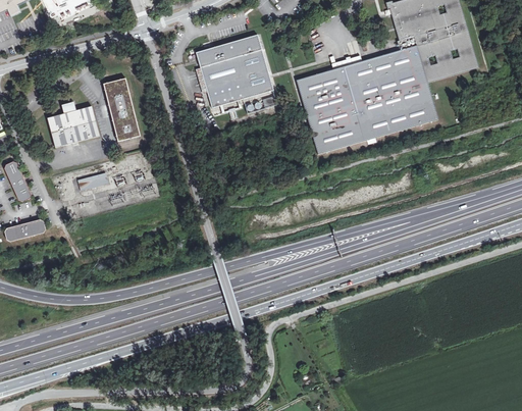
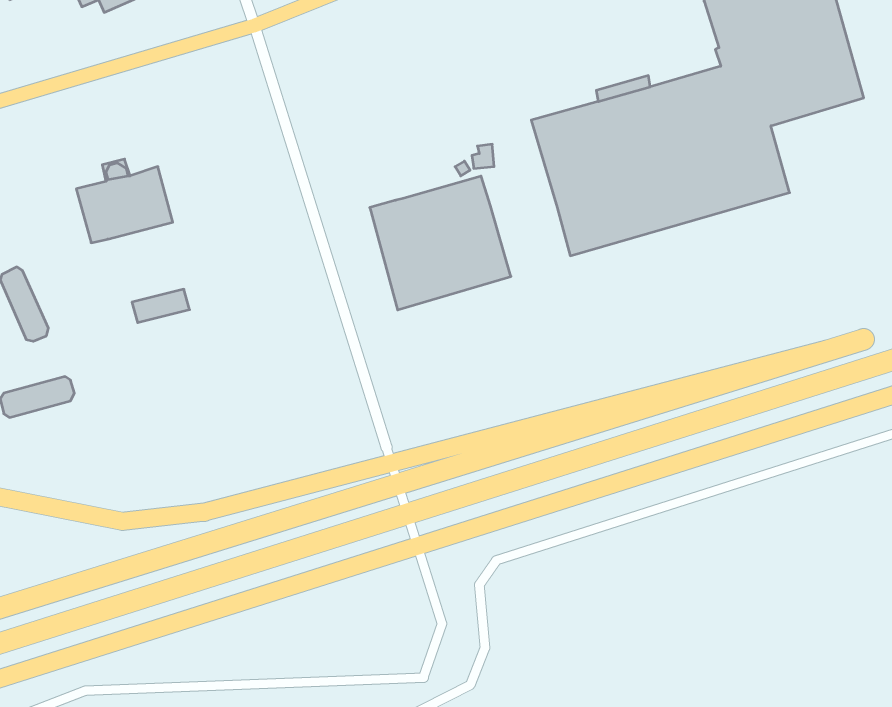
building: [196,35,273,108] -> [370,176,511,310]
building: [102,79,138,142] -> none

